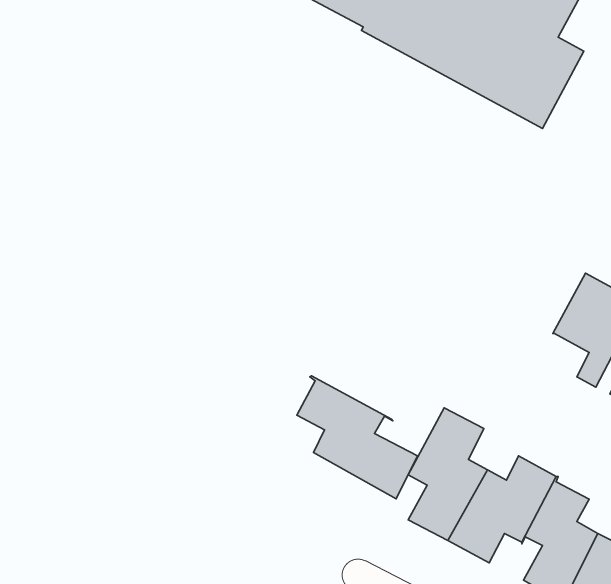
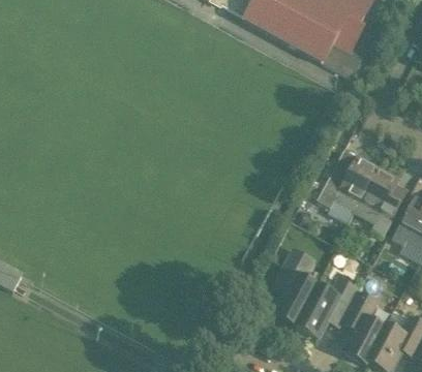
building: none -> [320,149,380,211]
building: [297,376,417,499] -> none

